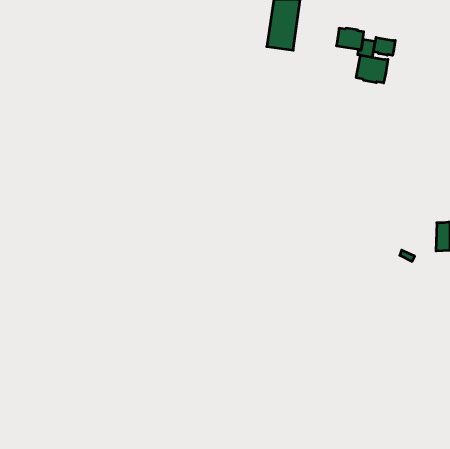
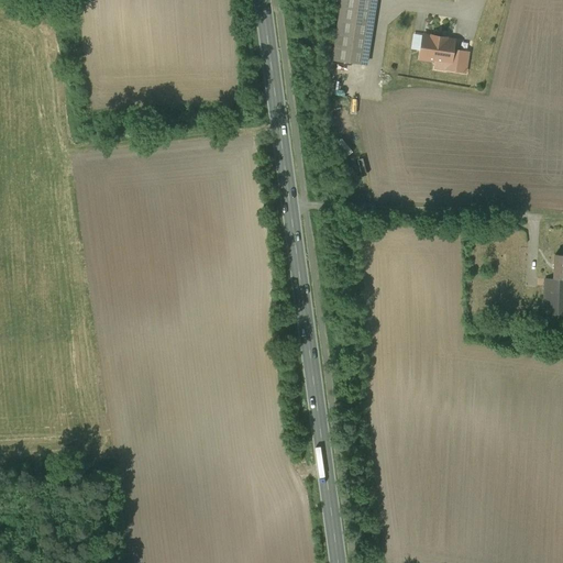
building: [373,37,395,55] -> none
building: [356,55,388,83] -> none

